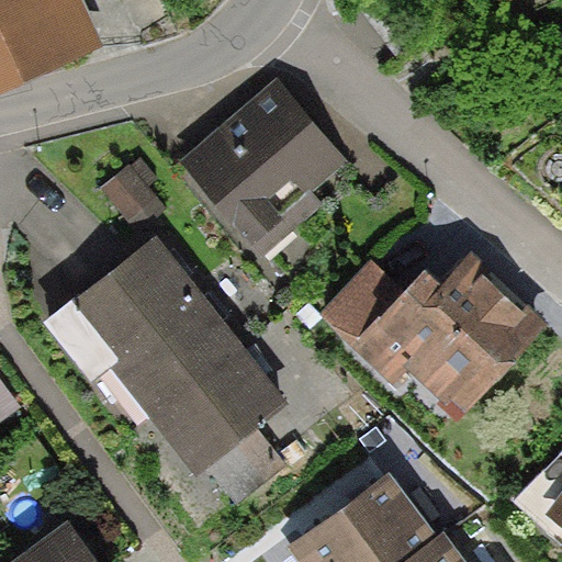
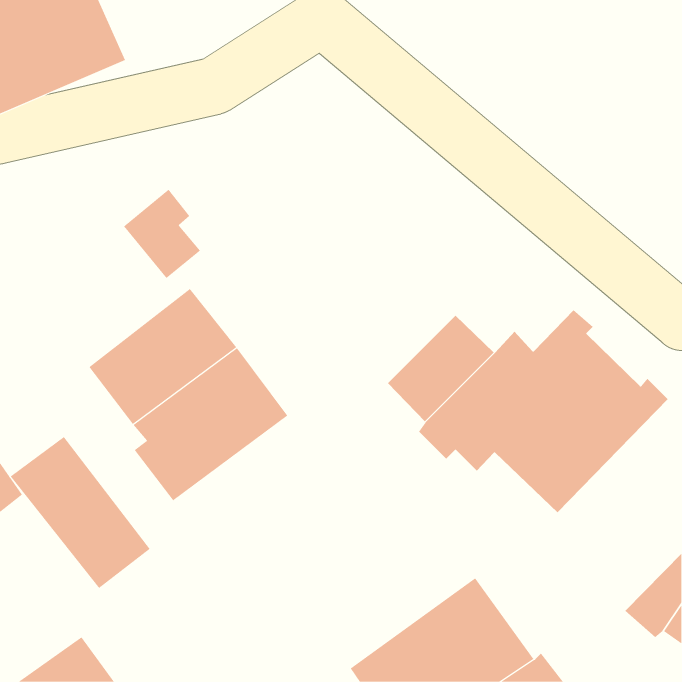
building: [178,77,347,257] -> none
building: [142,340,288,476] -> none
building: none -> [10,436,150,589]

